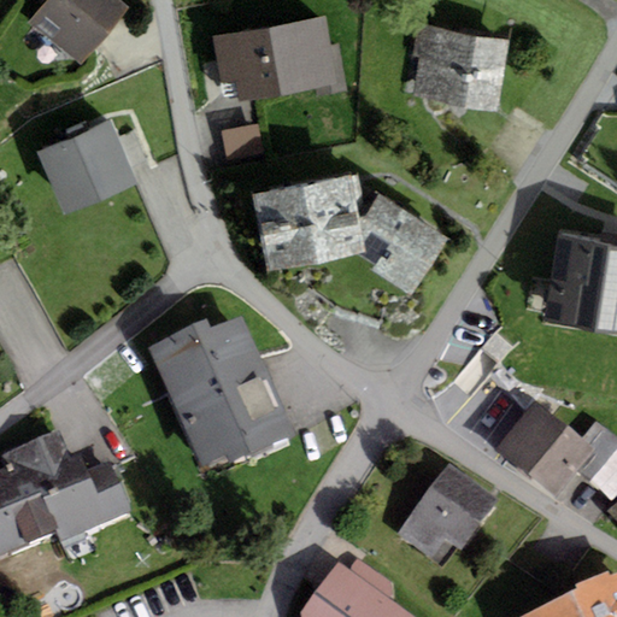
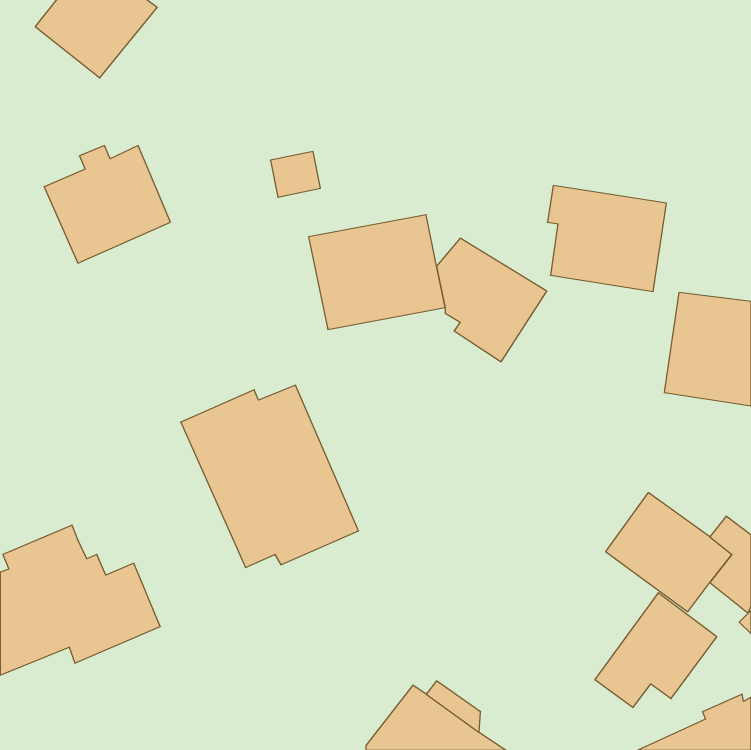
building: [213,16,348,101] -> none
building: [412,24,510,111] -> [547,186,666,291]
building: [396,464,496,558] -> [595,593,717,707]

